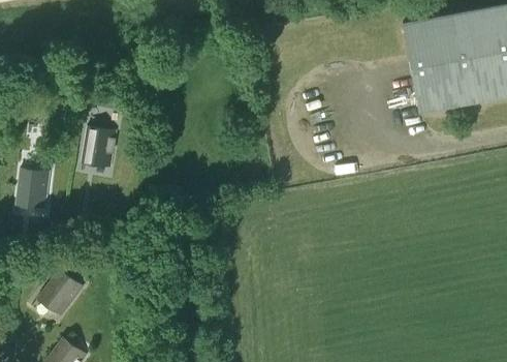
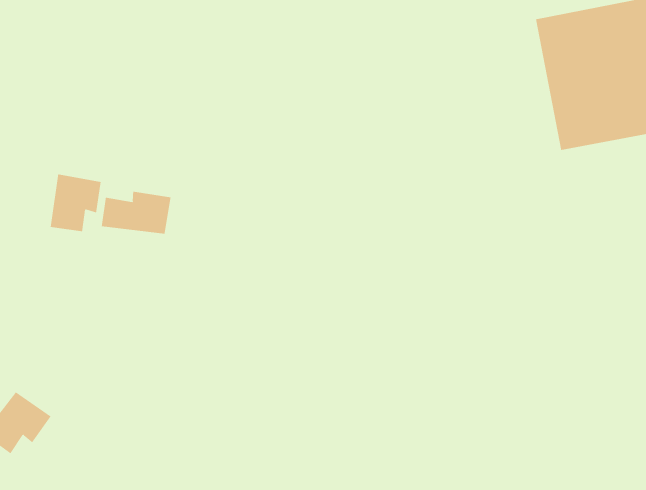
building: none -> [101,191,171,234]

